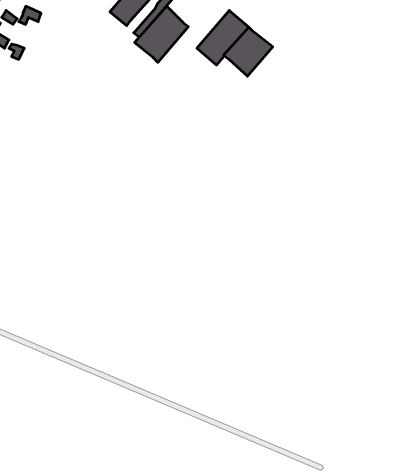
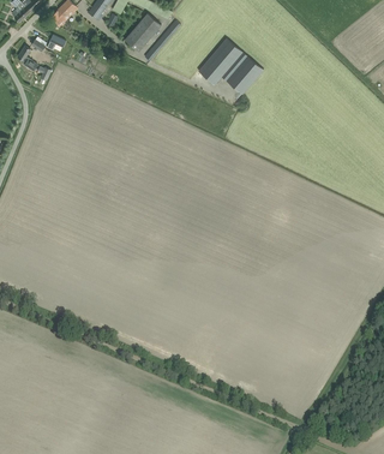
building: [135,6,188,62] -> none

